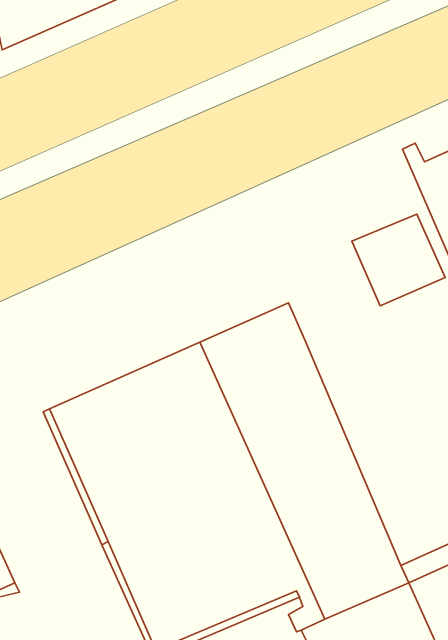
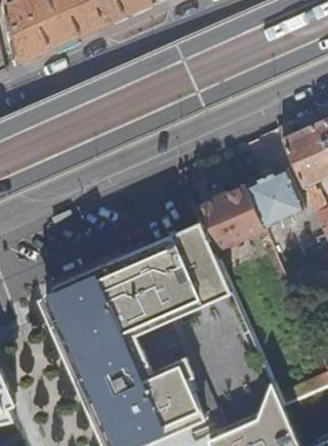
building: none -> [196,185,264,252]

